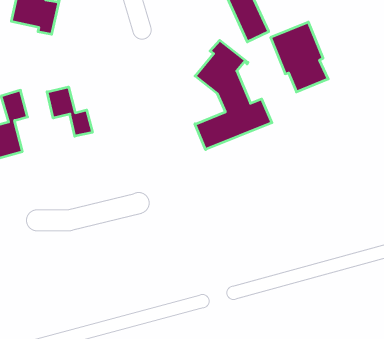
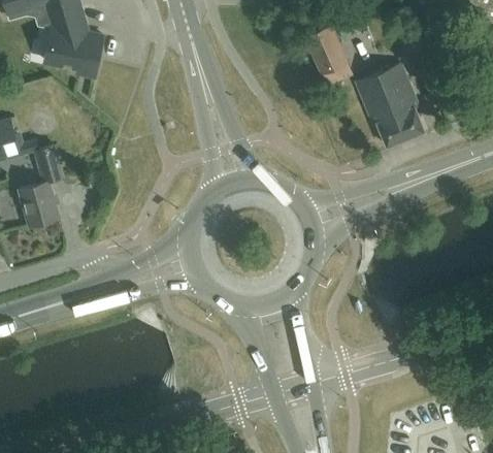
building: [195,40,272,150] -> none
building: [47,87,92,136] -> none

